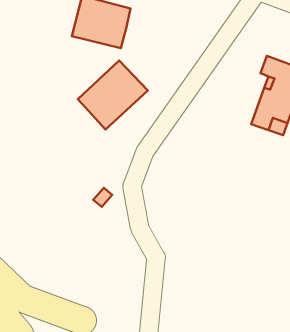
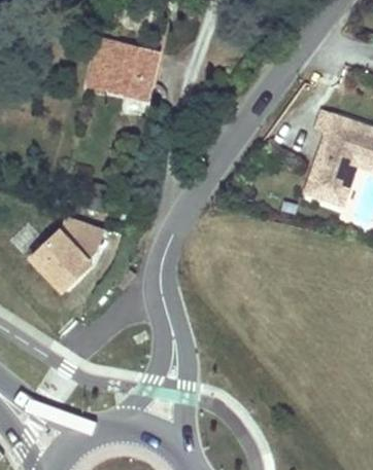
building: [78,60,148,129] -> [29,210,112,292]

